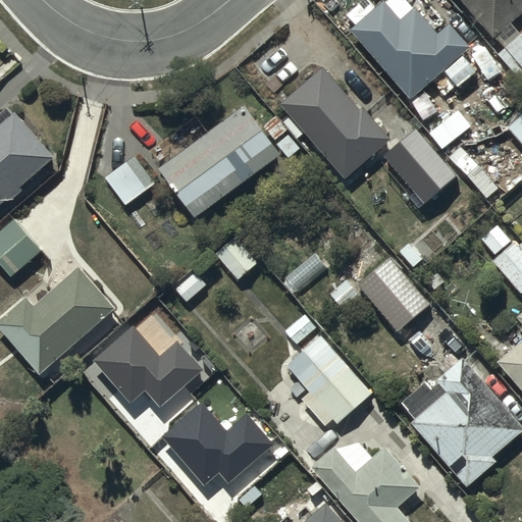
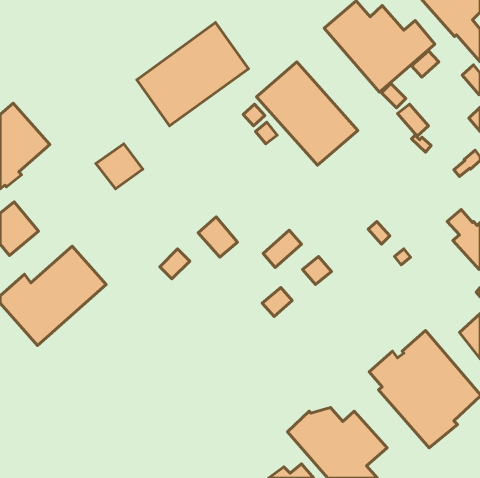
building: [159,107,280,219] -> [137,23,248,126]
building: [383,125,457,201] -> none
building: [356,256,431,333] -> none
building: [93,324,203,405] -> none
building: [282,330,373,427] -> none
building: [162,400,273,483] -> none

